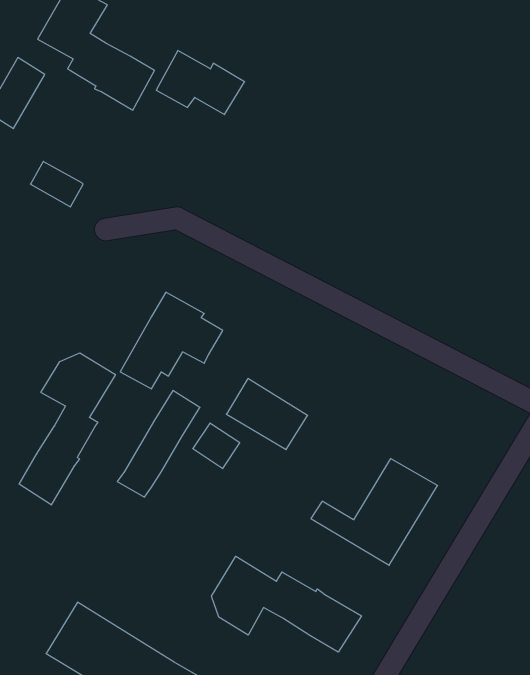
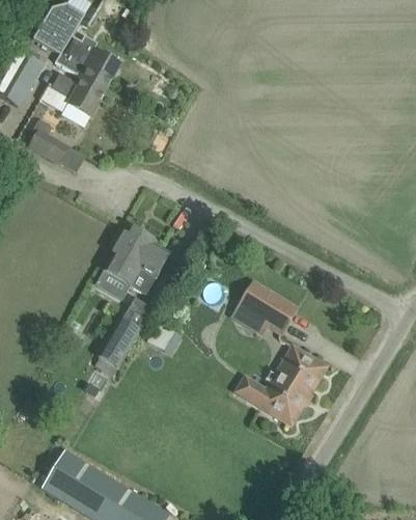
building: [156,51,245,115] -> [40,70,105,116]
building: [19,353,115,505] -> none
building: [226,379,308,450] -> [238,281,297,333]
building: [212,556,362,652] -> none

